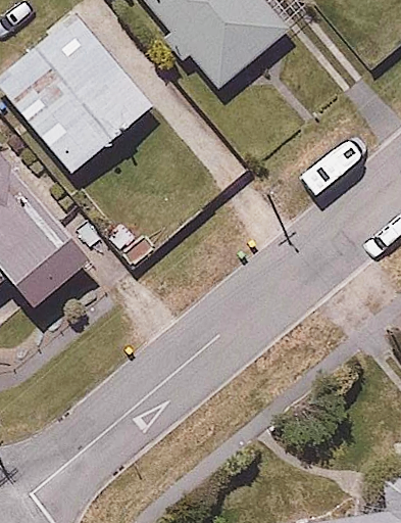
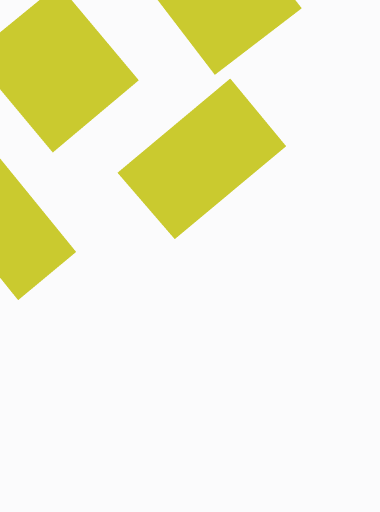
building: none -> [117,78,287,240]

